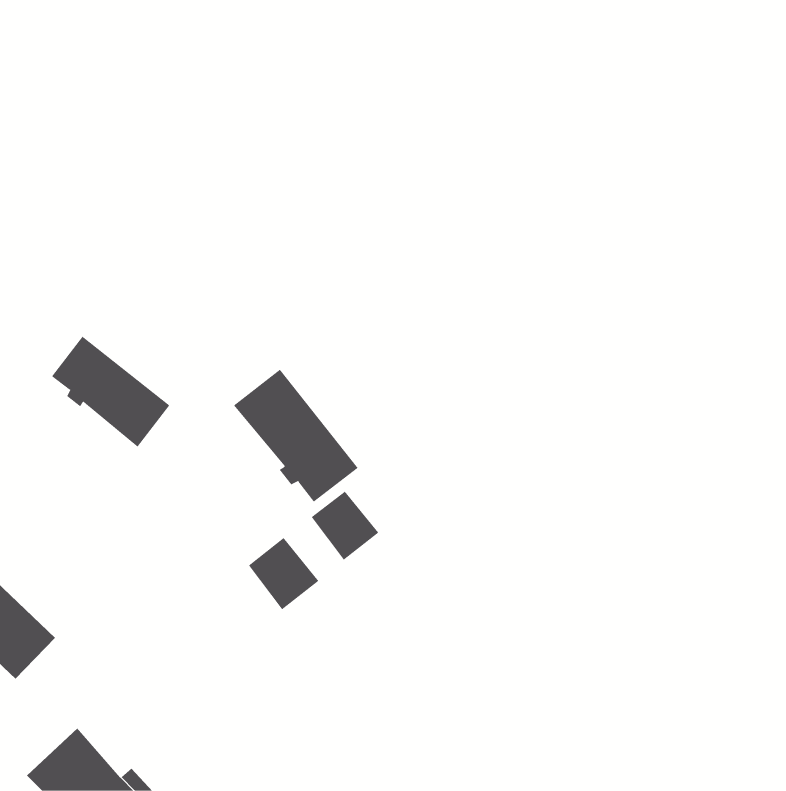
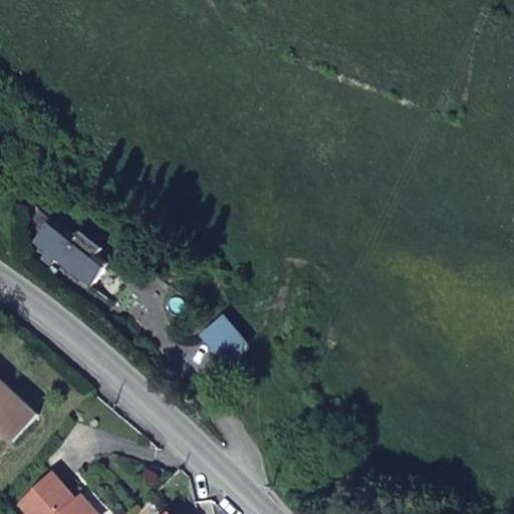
building: [233,369,358,503] -> none
building: [248,537,319,610] -> none

